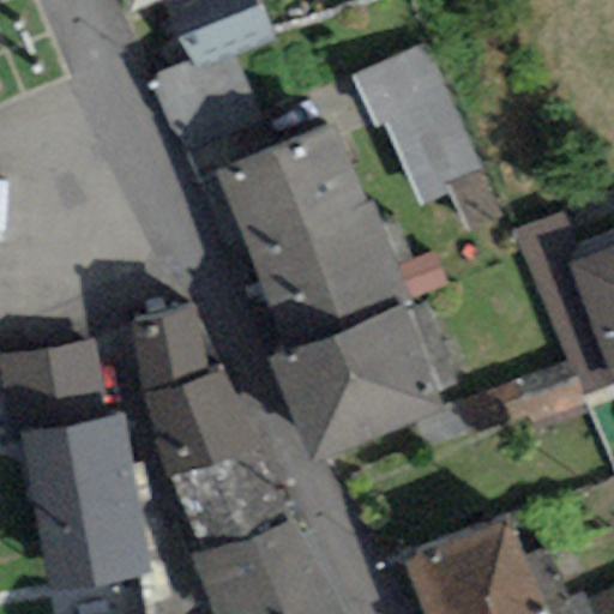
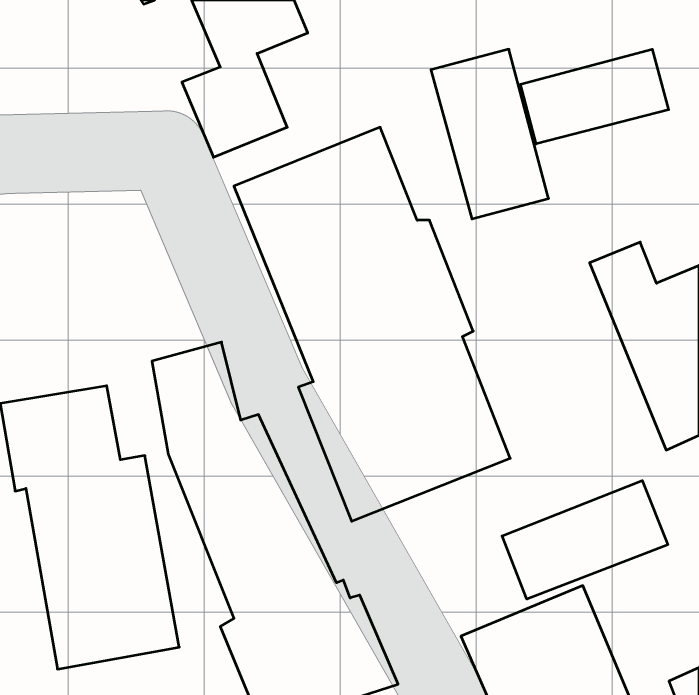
building: none -> [520,49,669,144]
building: none -> [502,481,668,599]

